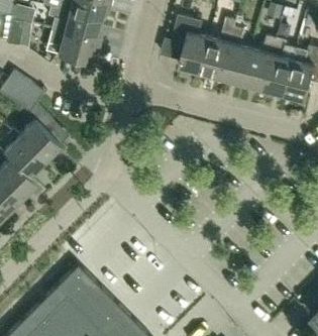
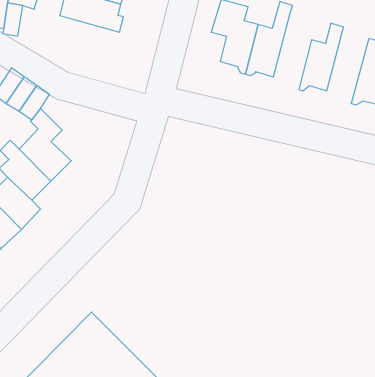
building: [221,28,251,89] -> none
building: [45,30,99,64] -> none
building: [263,39,297,100] -> none

